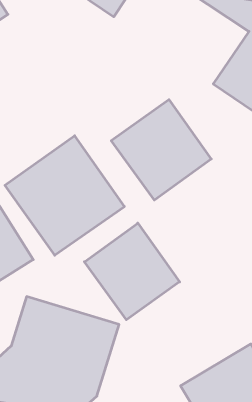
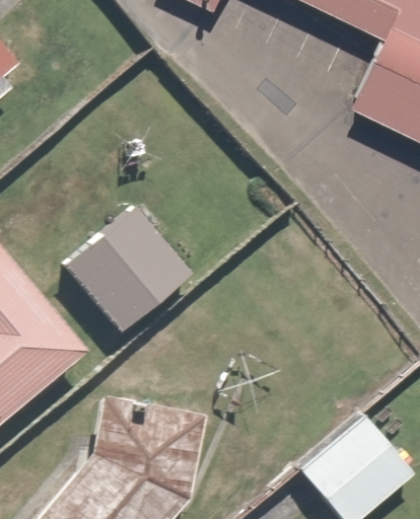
building: [111,100,211,200] -> none
building: [84,223,180,320] -> none

